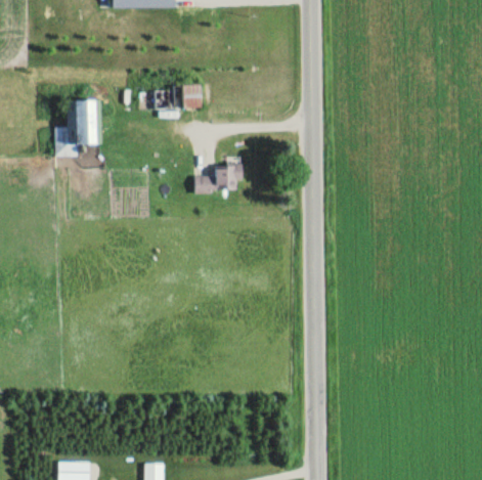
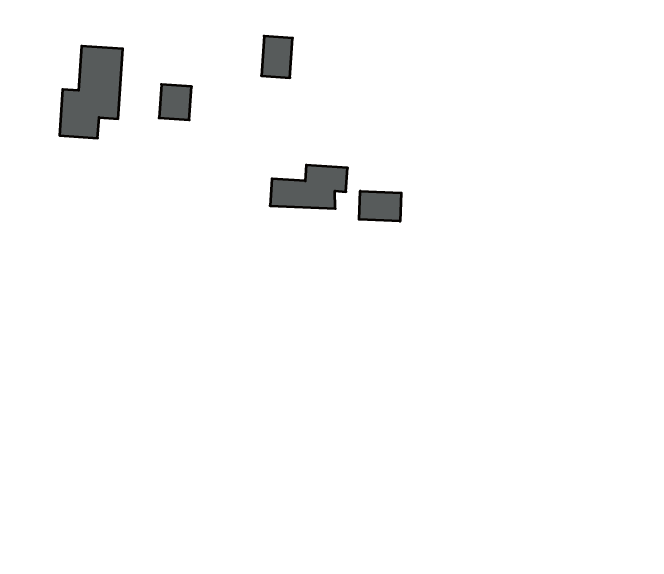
building: [156,88,175,110] -> [159,84,192,120]
building: none -> [359,191,401,221]

